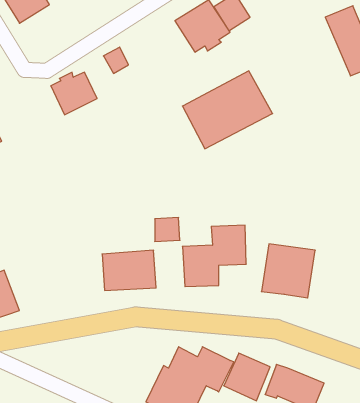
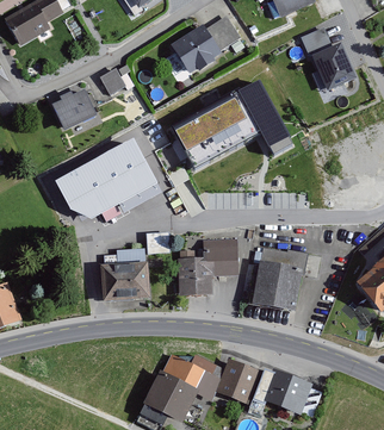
building: none -> [242,80,295,152]
building: none -> [62,143,155,212]

